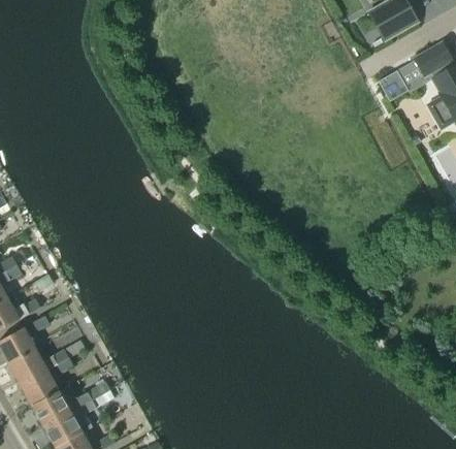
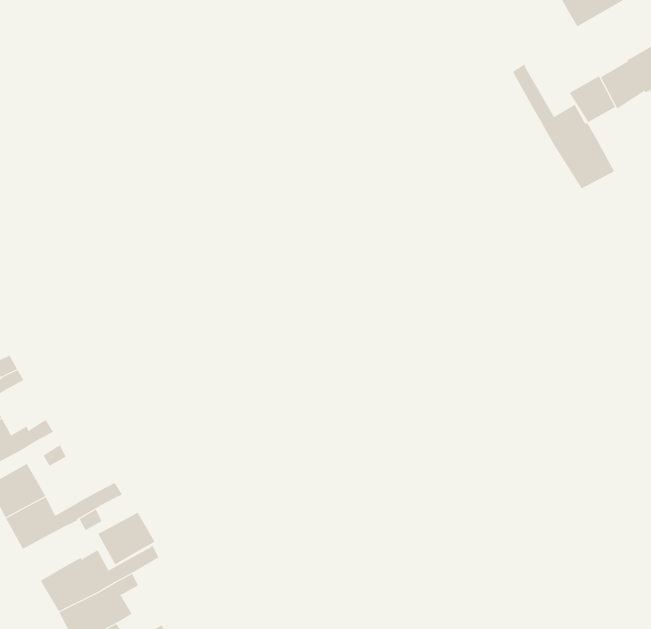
building: none -> [512,64,615,189]
building: [19,370,57,405] -> [97,512,156,565]

